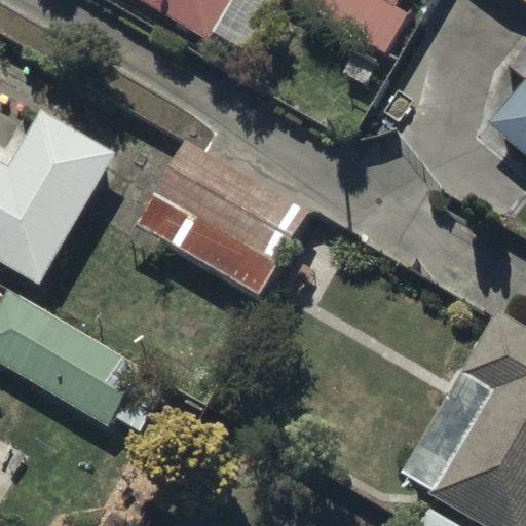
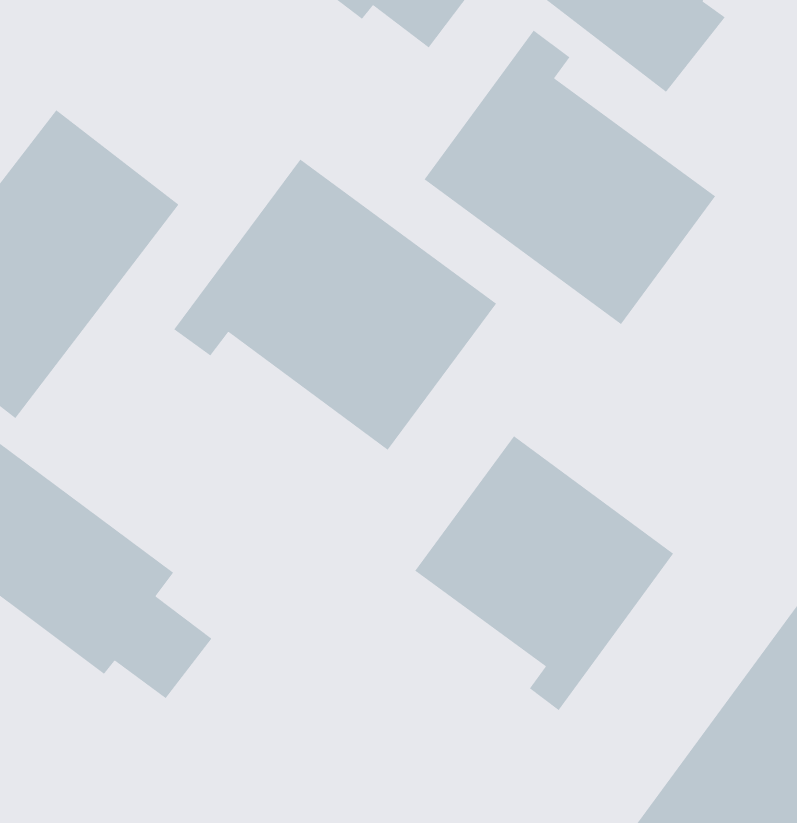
building: none -> [424,29,716,325]
building: none -> [414,435,674,711]

